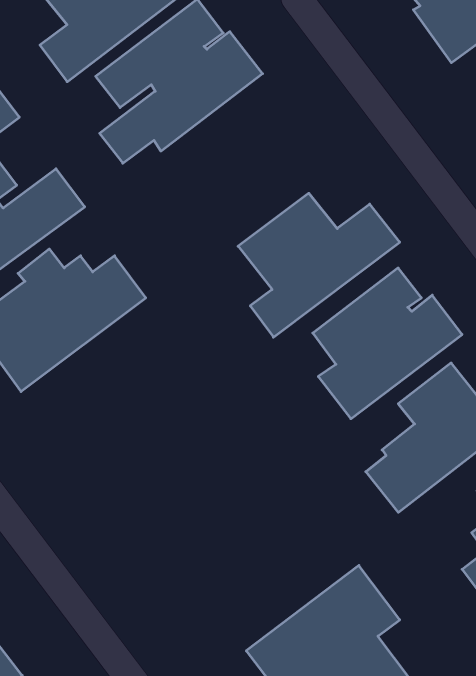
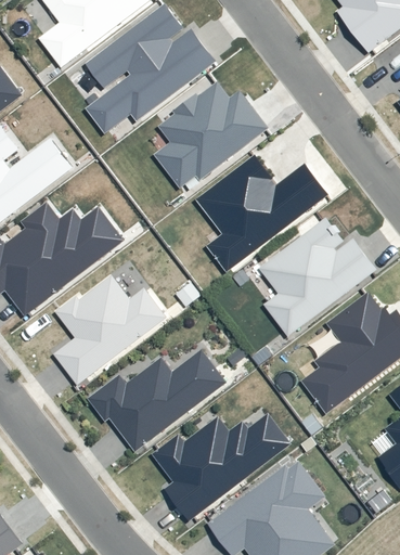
building: none -> [153,81,270,189]
building: none -> [53,276,167,384]
building: none -> [87,350,224,450]
building: none -> [151,413,288,517]

